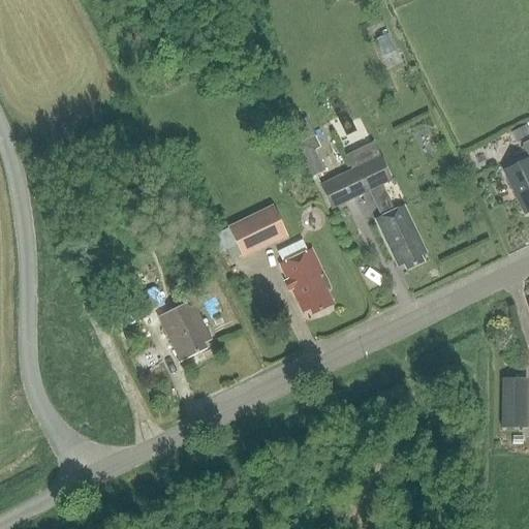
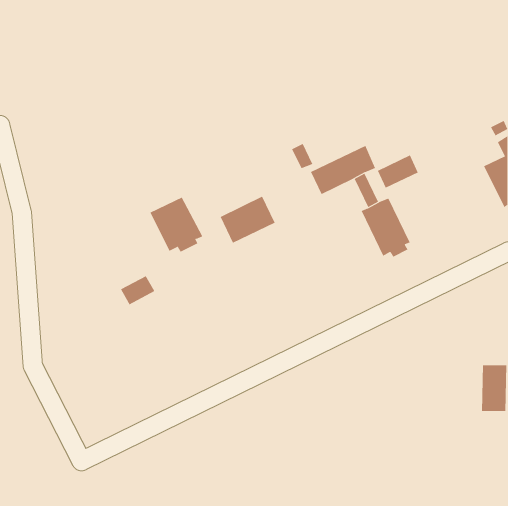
building: none -> [377,155,418,189]
building: [281,248,332,312] -> none
building: [158,300,214,357] -> [149,197,203,252]

